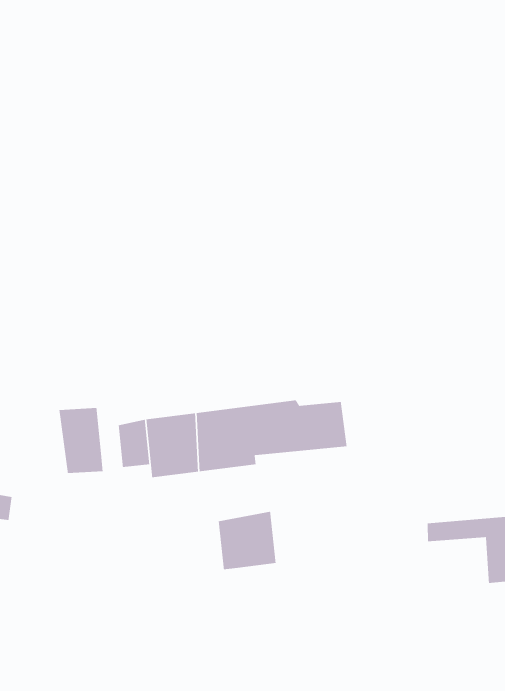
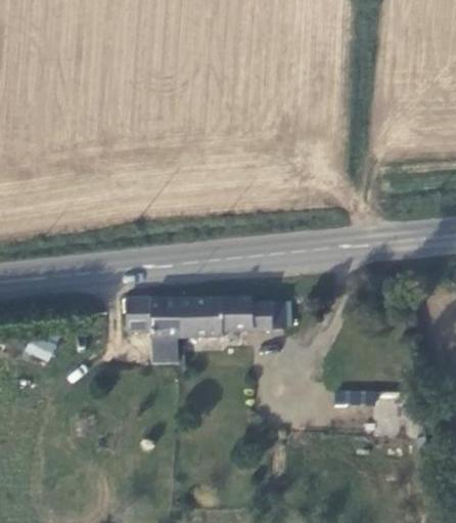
building: [59,407,104,474] -> none
building: [218,511,276,570] -> none

